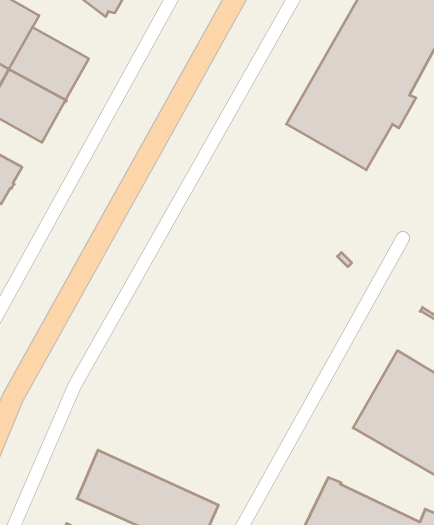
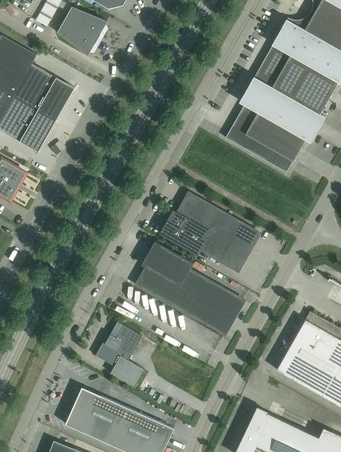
building: none -> [161,193,259,270]
building: none -> [137,243,243,333]
building: none -> [95,321,144,386]

